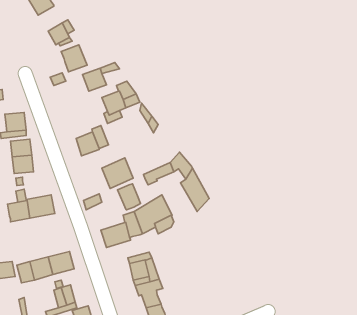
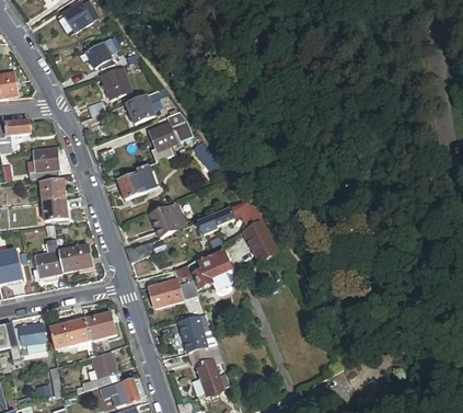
building: [117,184,141,210] -> none

